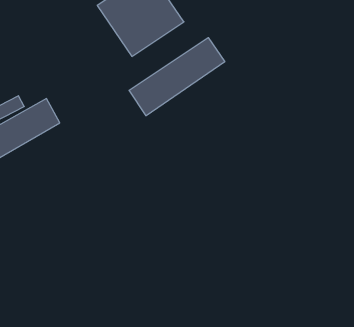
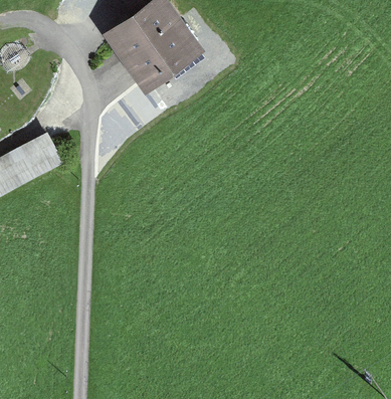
building: [129,38,225,116] -> none

